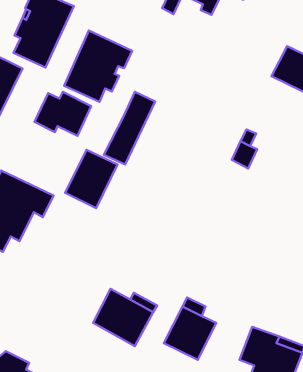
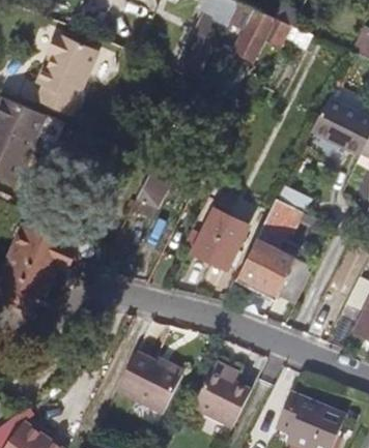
building: [64,30,132,102] -> none
building: [34,92,91,136] -> none
building: [65,150,118,208] -> [193,207,249,269]
building: none -> [239,240,296,293]

